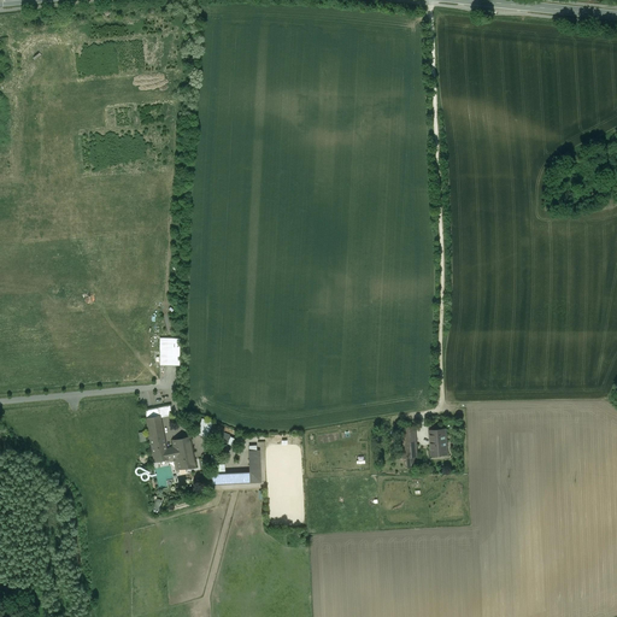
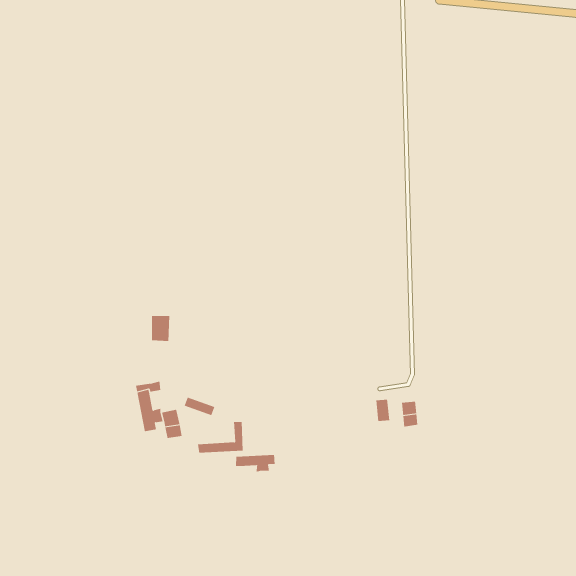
building: none -> [236,454,275,472]

